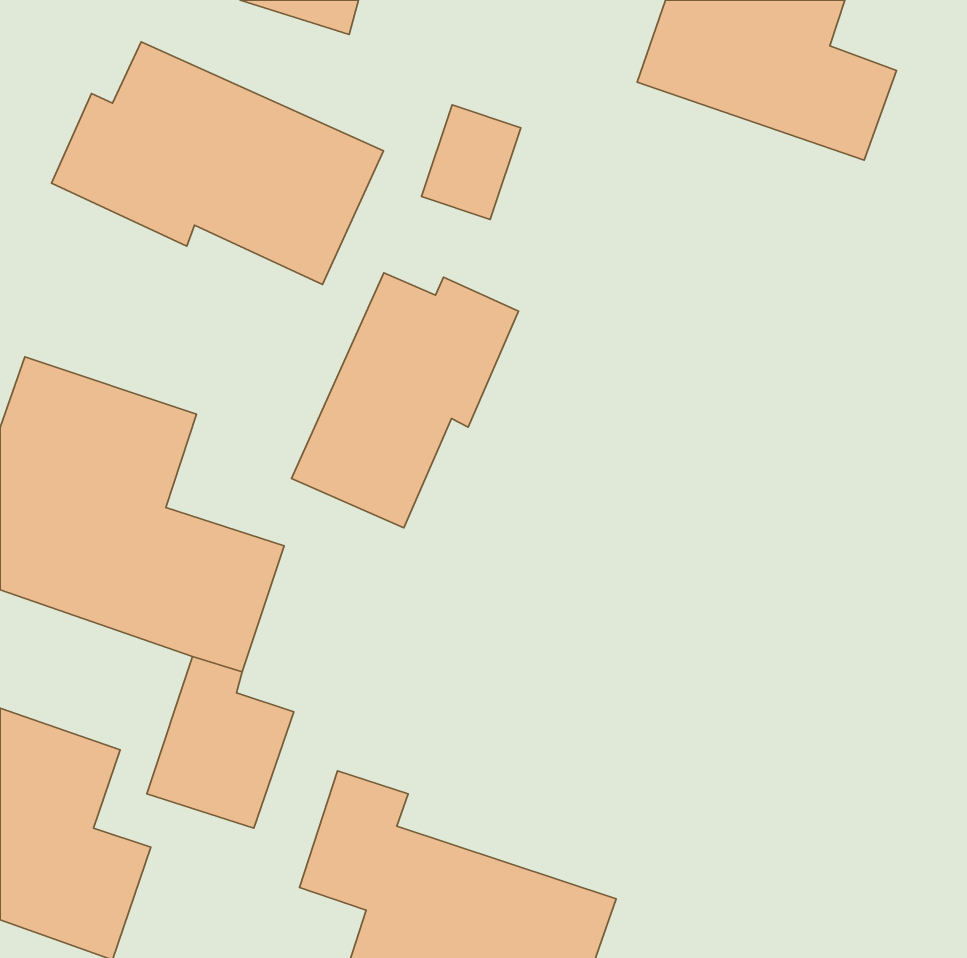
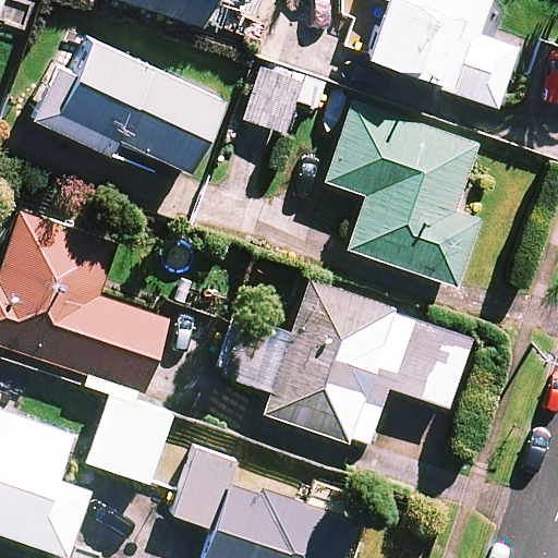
building: none -> [326,104,481,287]
building: [292,273,518,528] -> none
building: none -> [217,280,471,448]

